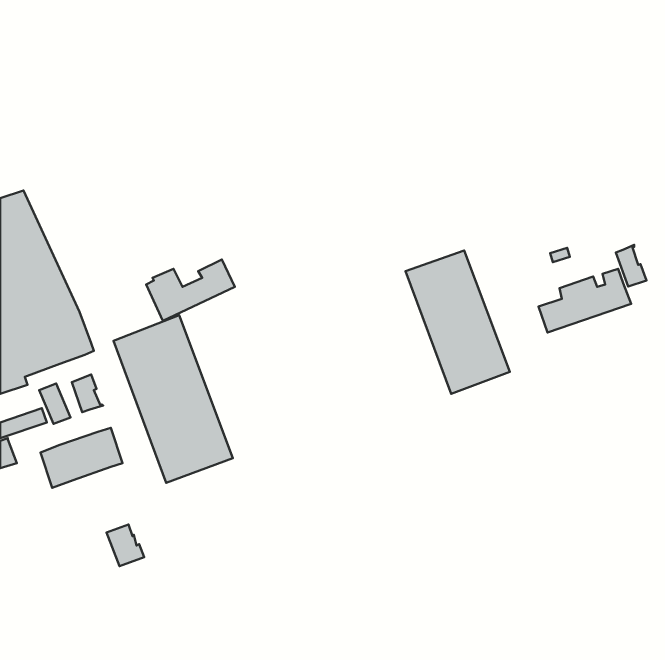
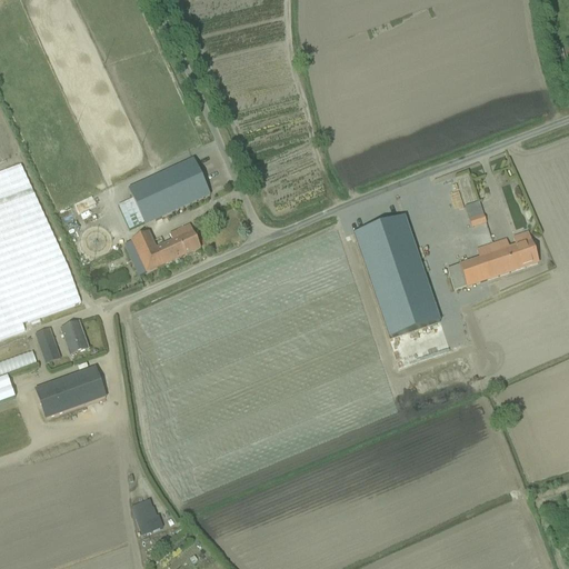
building: none -> [119,156,210,227]
building: [616,245,646,286] -> none
building: [114,315,233,483] -> none
building: [106,525,144,566] -> [132,497,164,532]

